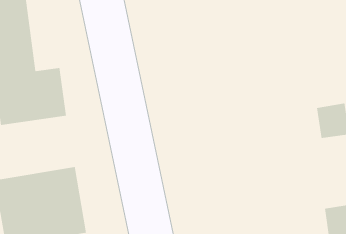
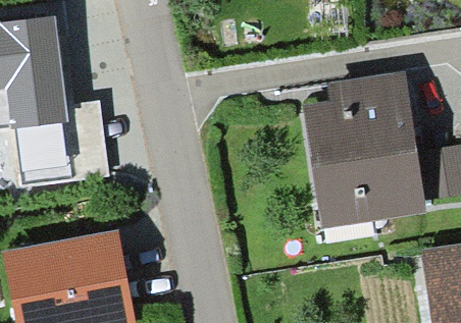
building: none -> [308,105,414,213]

